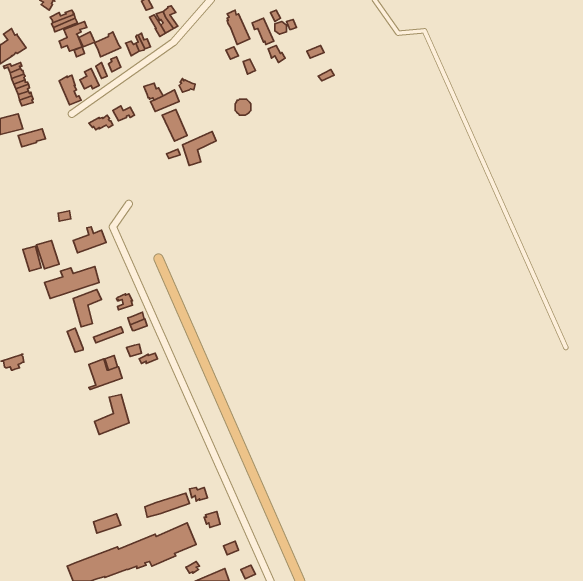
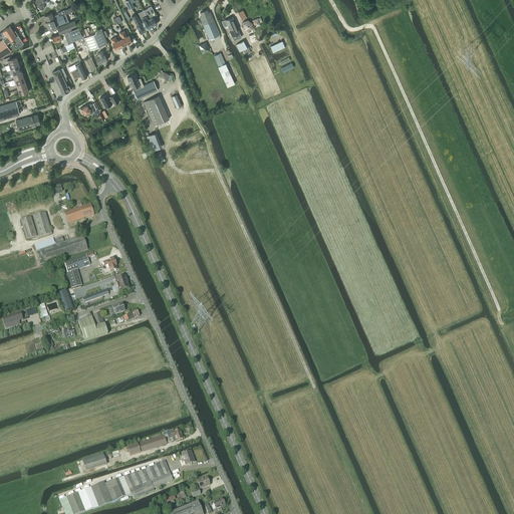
building: [182,132,216,166] -> none
building: [94,395,129,434] -> none

